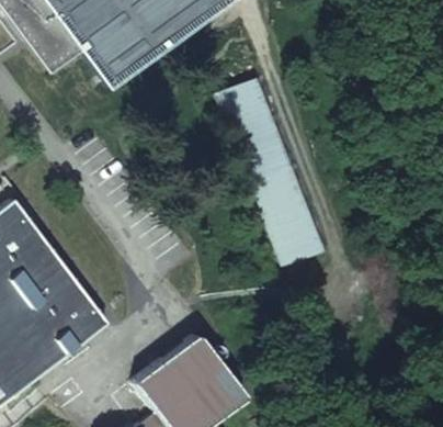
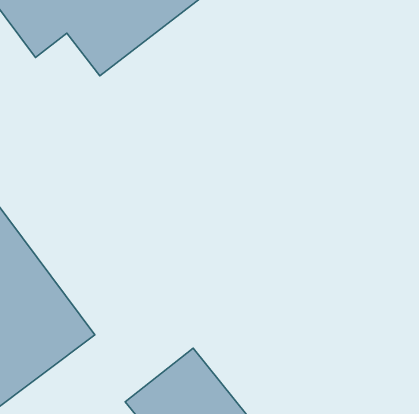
building: [217,76,326,265] -> none

